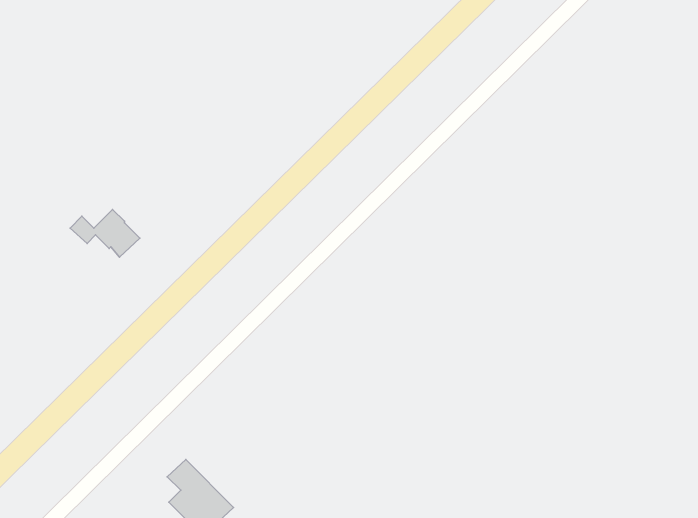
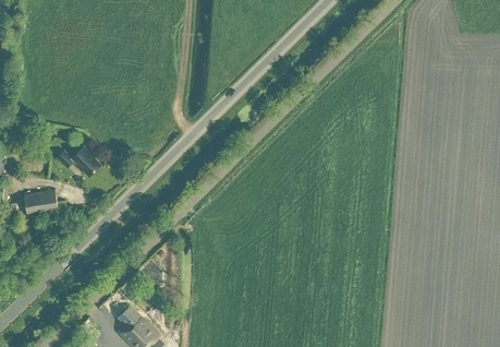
building: none -> [23,189,66,214]

